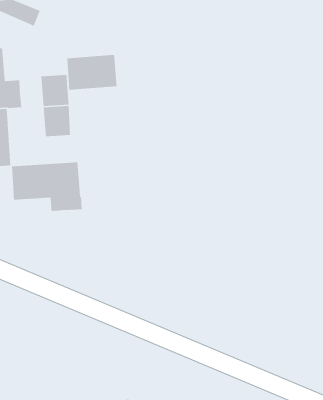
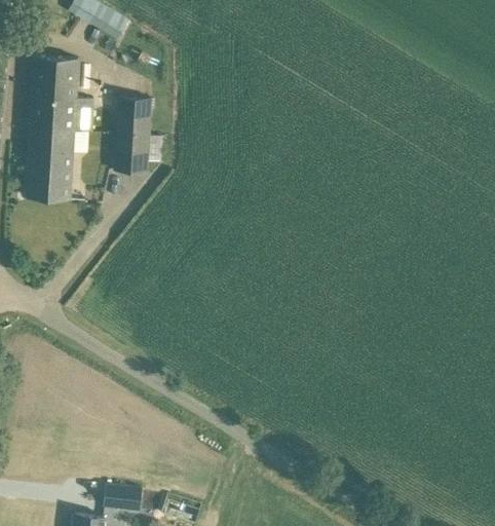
building: [66,54,117,90] -> none
building: [11,162,83,212] -> none

